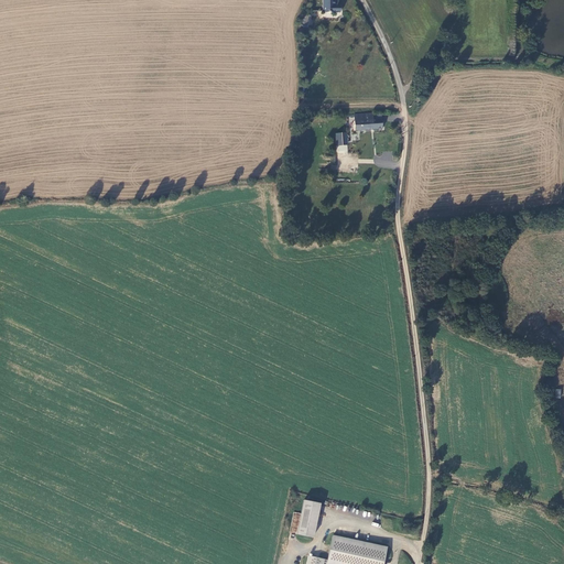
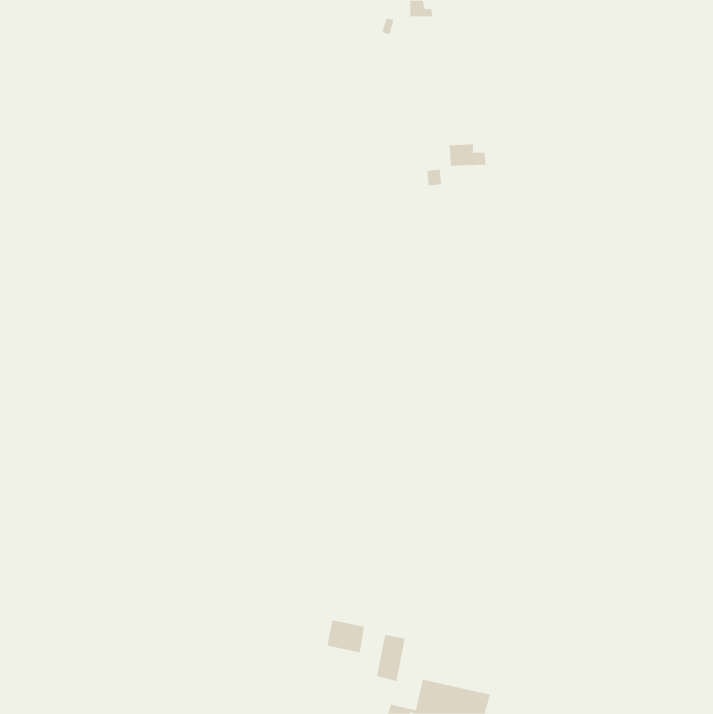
building: none -> [327,620,364,653]

